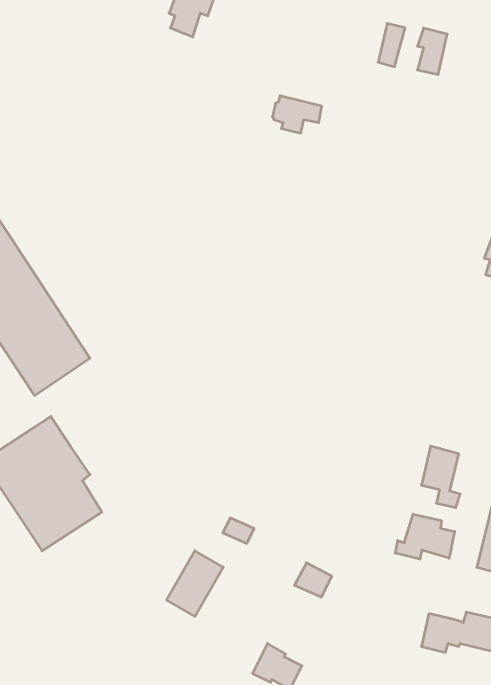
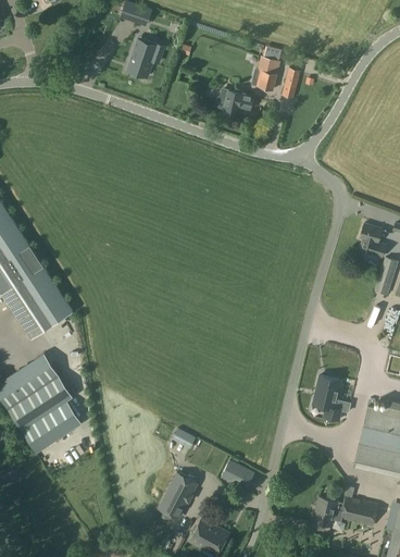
building: [417,28,447,74] -> [258,58,279,91]
building: [272,96,322,133] -> [216,90,252,117]
building: [395,514,455,559] -> none
building: [167,551,223,616] -> [157,472,198,520]

